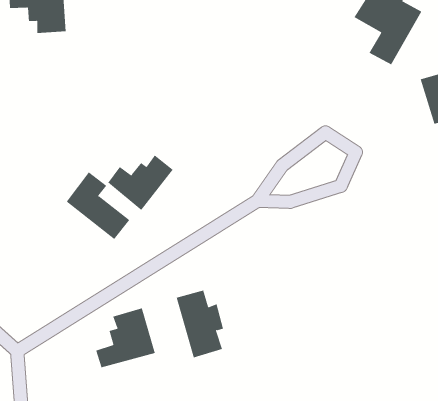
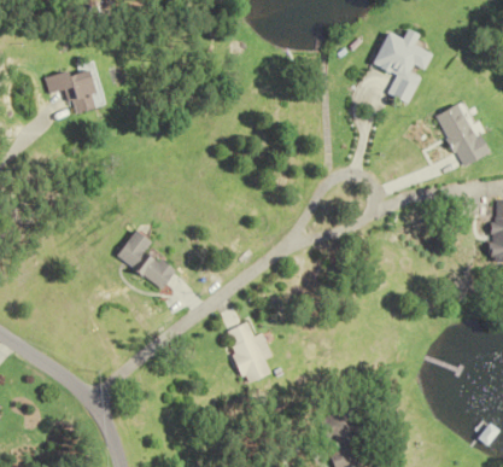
building: [107,155,174,211] -> none
building: [96,307,155,368] -> none

